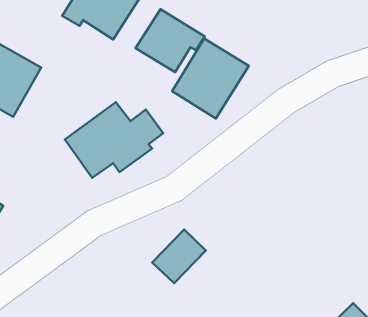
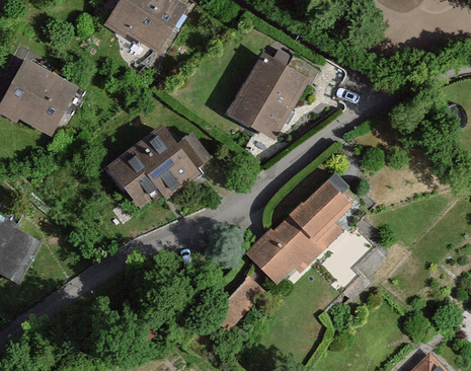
building: [135,9,205,72] -> none
building: none -> [249,177,351,283]

